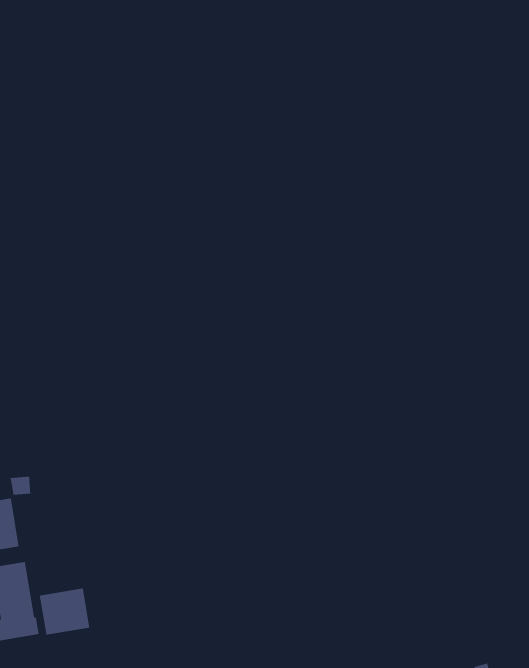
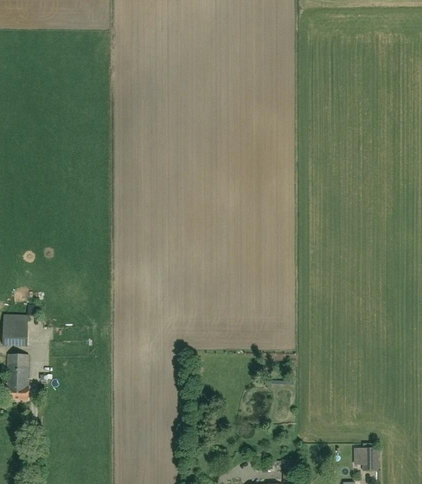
building: [39,588,90,636] -> none

